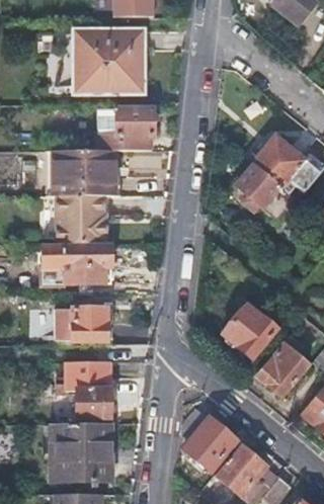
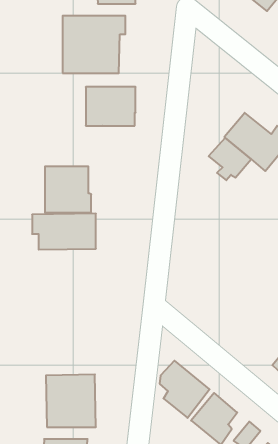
building: [54,151,118,196] -> none
building: [222,305,275,358] -> none
building: [58,309,107,342] -> none
building: [257,346,307,397] -> none
building: [55,361,111,418] -> none

